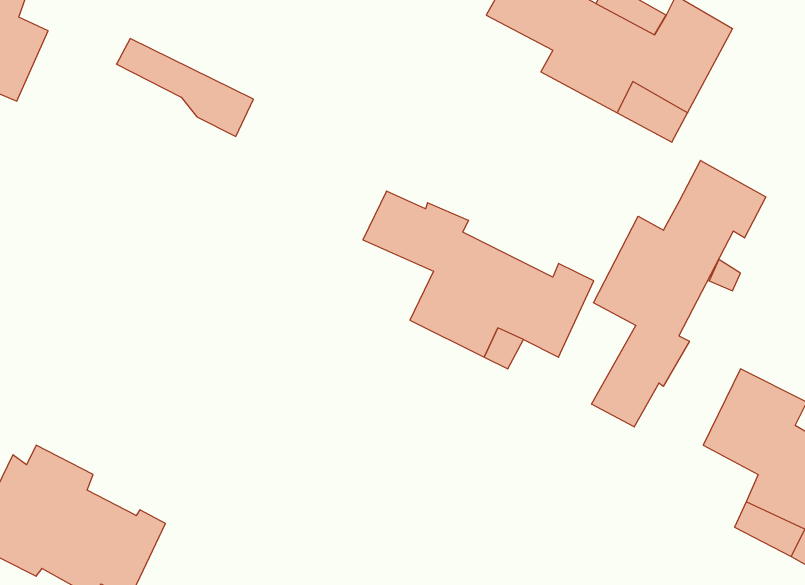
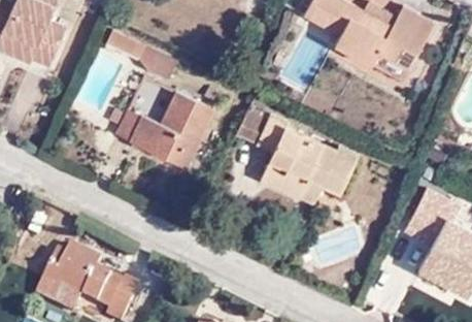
building: none -> [113,89,214,163]
building: [592,160,766,427] -> none

